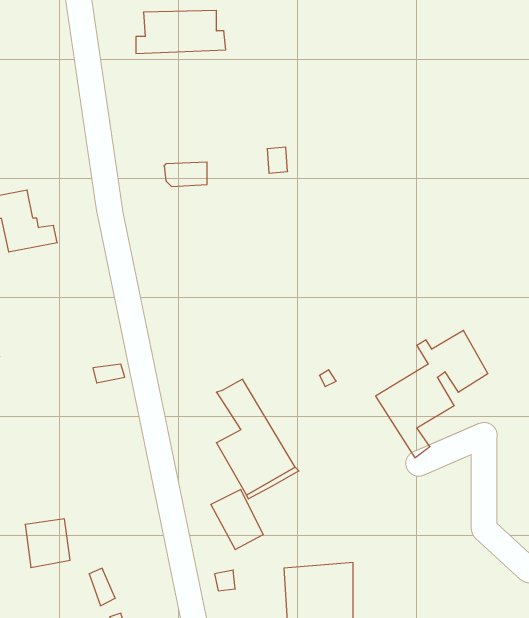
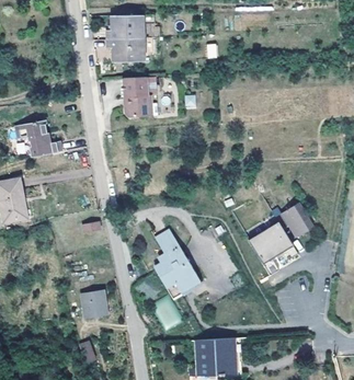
building: none -> [107,37,161,61]
building: none -> [123,77,149,104]
building: [25,519,70,568] -> [81,289,107,318]

